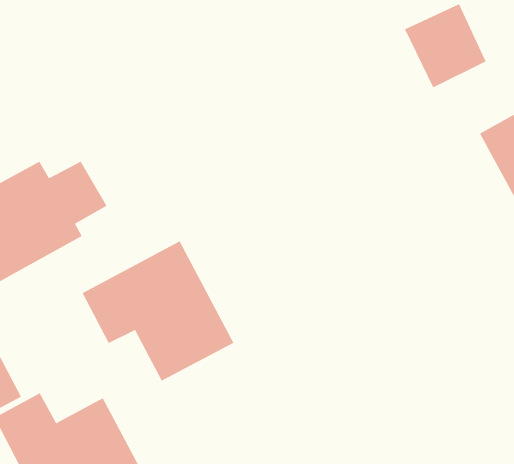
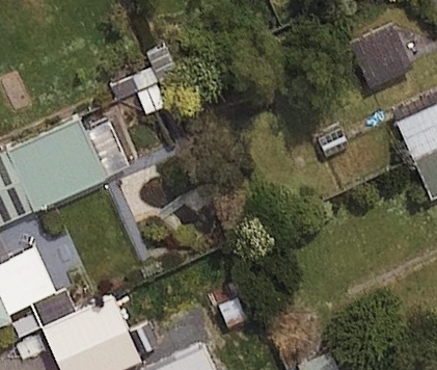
building: [82,240,234,382] -> none

